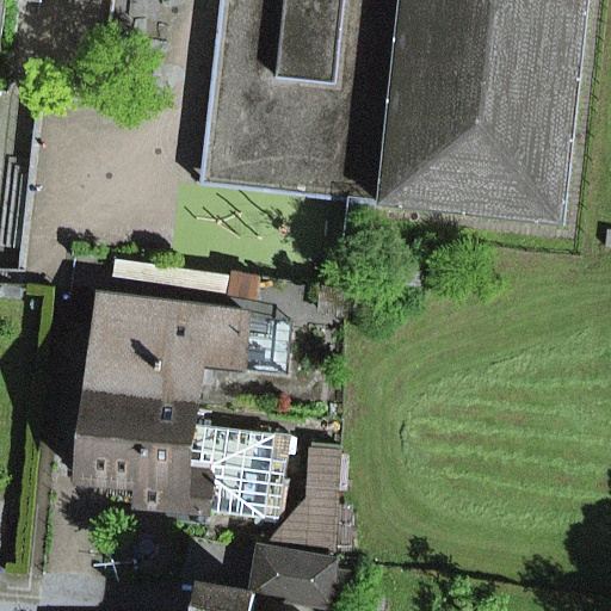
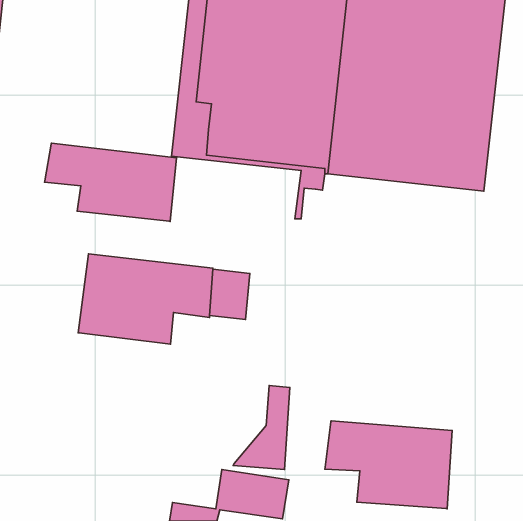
building: none -> [44,143,176,221]
building: [82,387,272,514] -> none
building: none -> [325,421,452,509]

